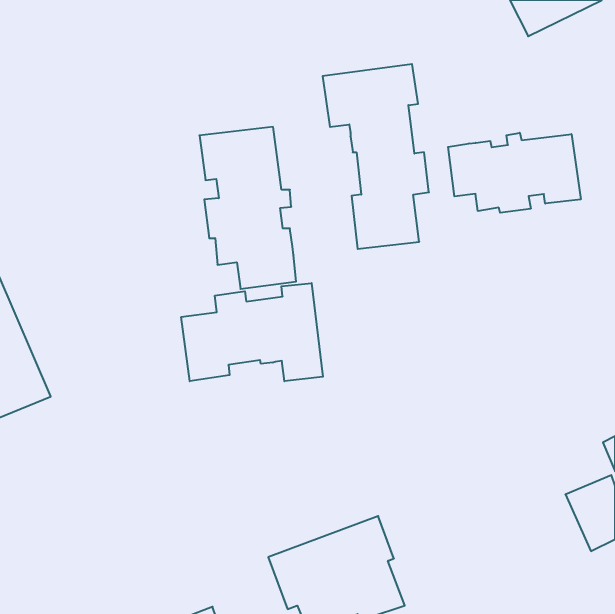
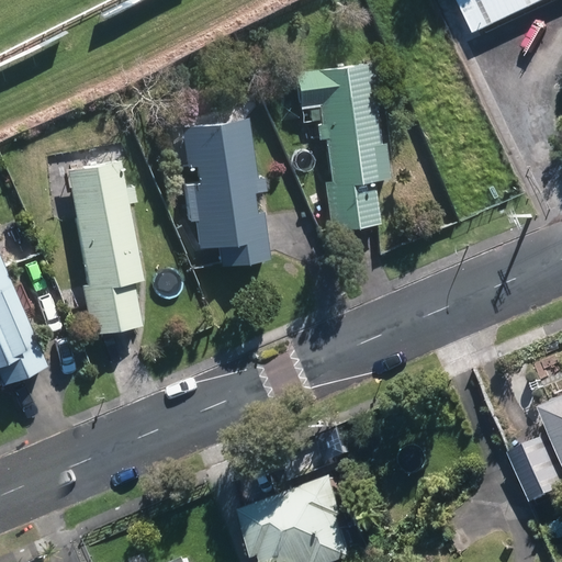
building: [448,133,581,213] -> none
building: none -> [66,159,143,336]
building: [181,283,323,381] -> none

